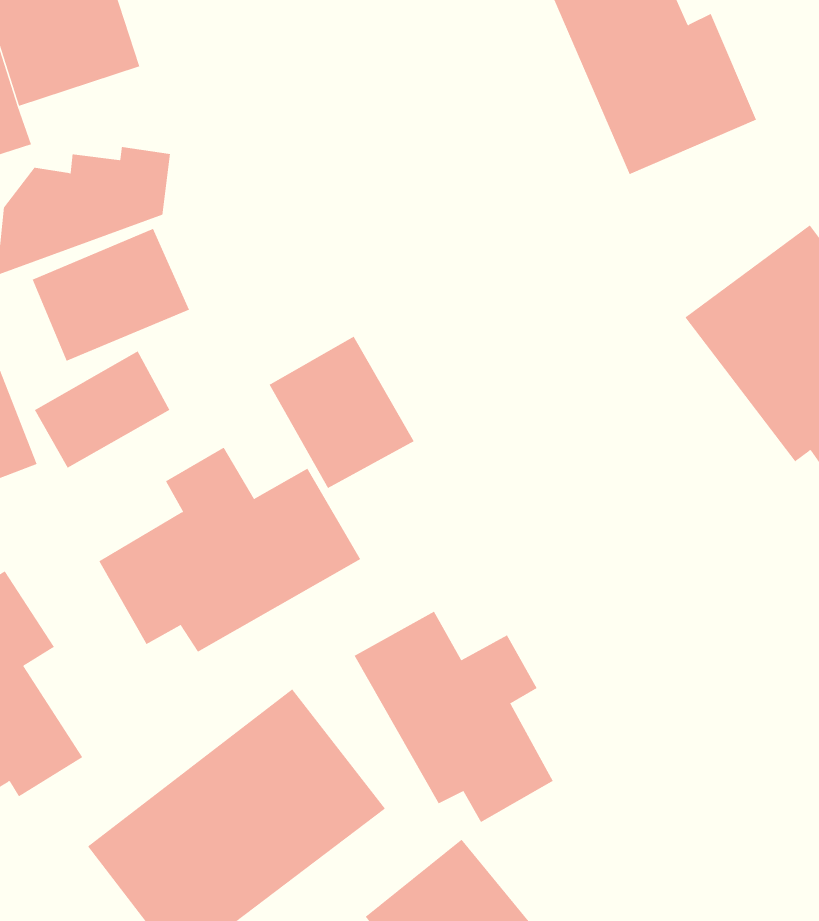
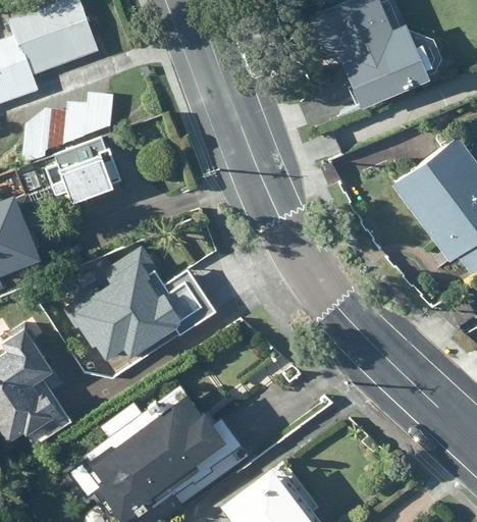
building: [269,336,414,489] -> none
building: [34,350,170,468] -> none
building: [354,611,554,823] -> none

